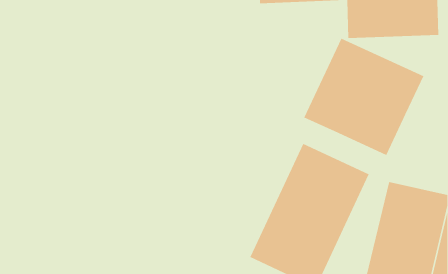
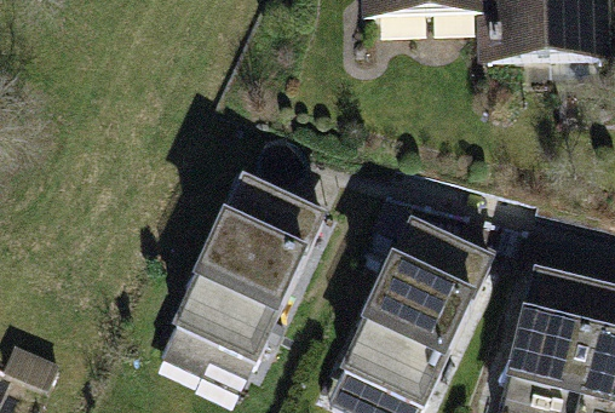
building: [304,38,424,156] -> none
building: none -> [169,176,334,374]

